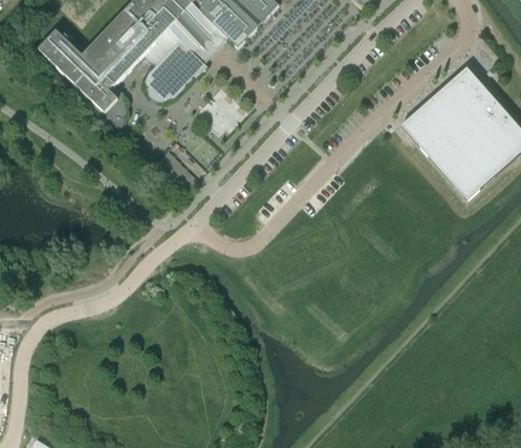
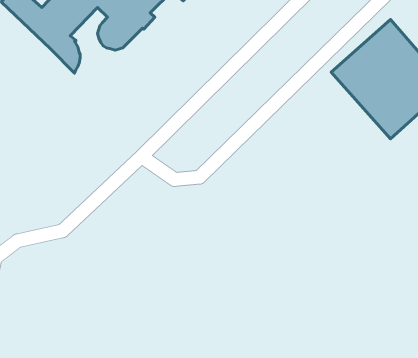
building: [156,147,197,191] -> none

